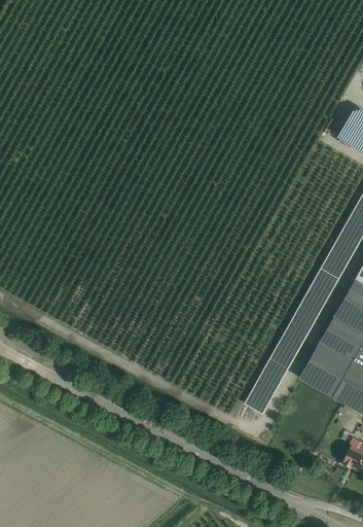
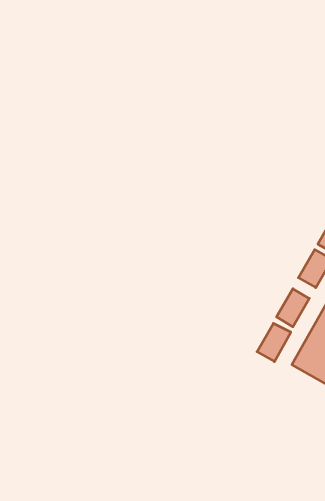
building: [245,377,277,413] -> none

